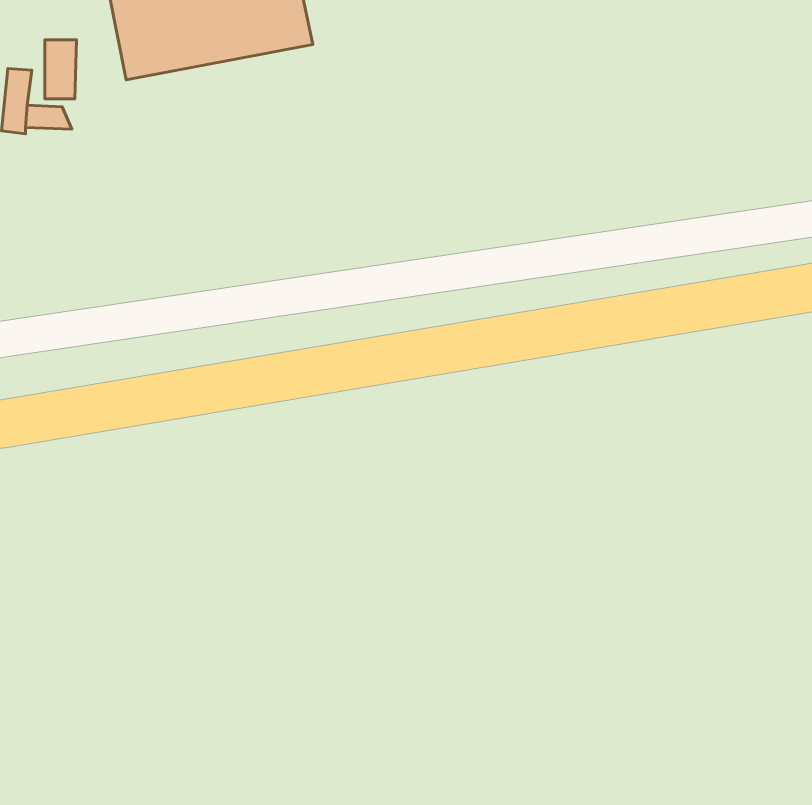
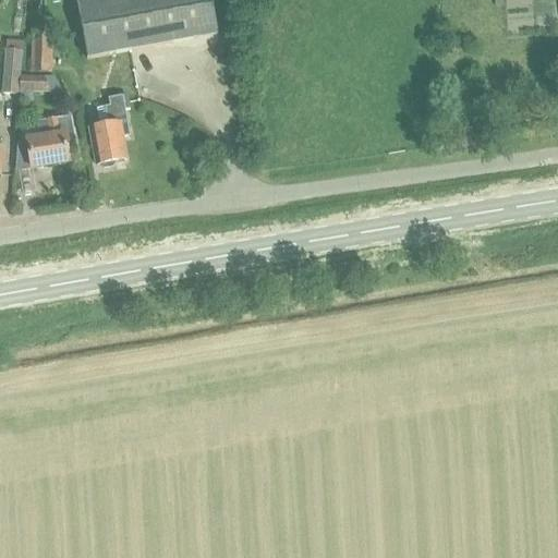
building: none -> [90,92,129,161]
building: none -> [15,111,77,167]

